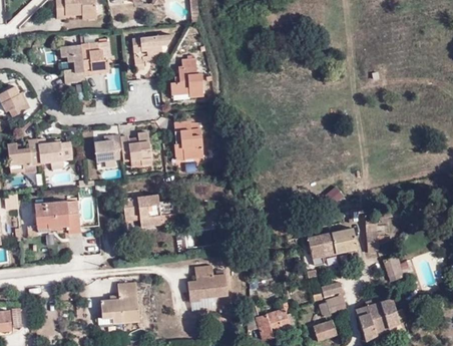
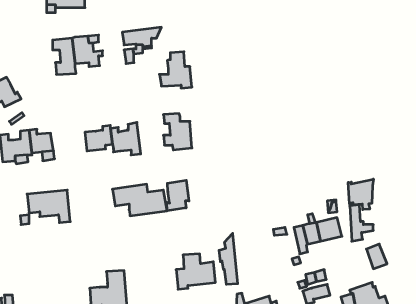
building: none -> [348,179,373,210]
building: none -> [167,180,189,211]
building: none -> [219,233,238,284]

